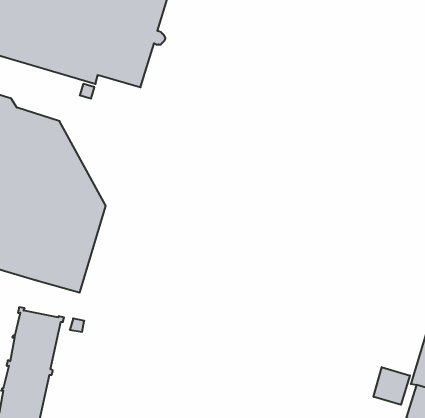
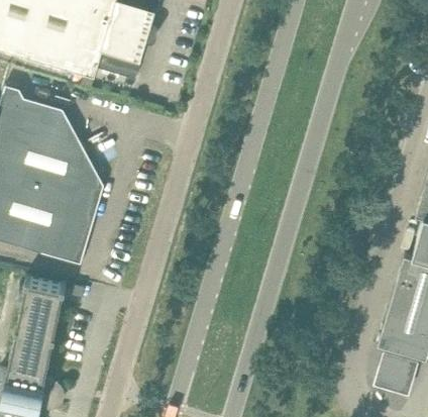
building: [374,367,410,405] -> none

